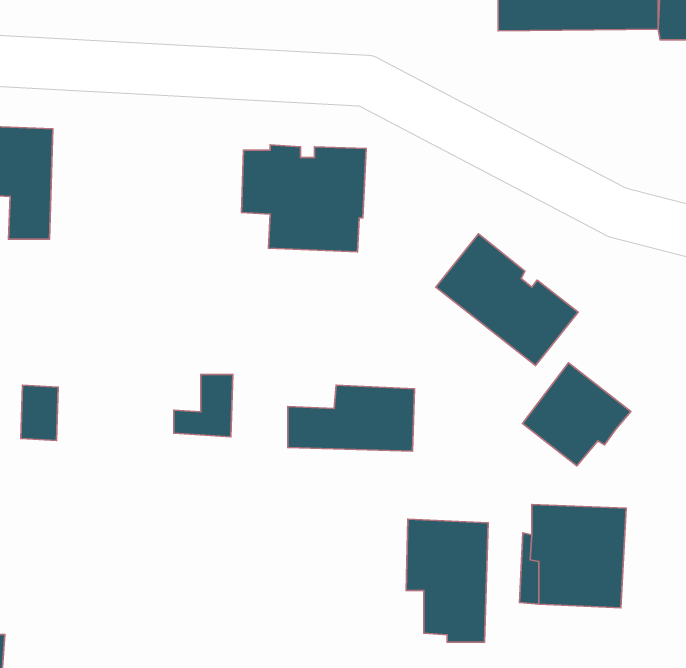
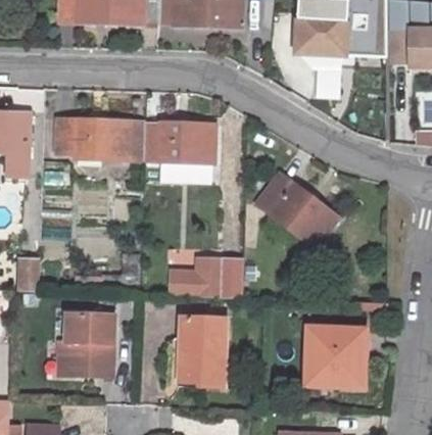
building: none -> [56,118,145,159]
building: [522,363,631,466] -> none
building: none -> [64,310,114,375]
building: [406,519,488,642] -> [179,315,226,385]

